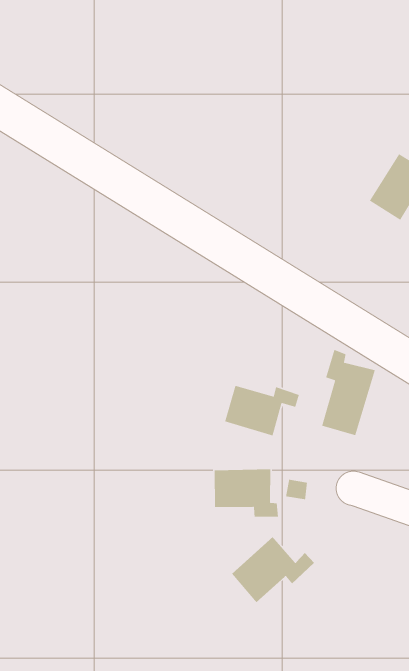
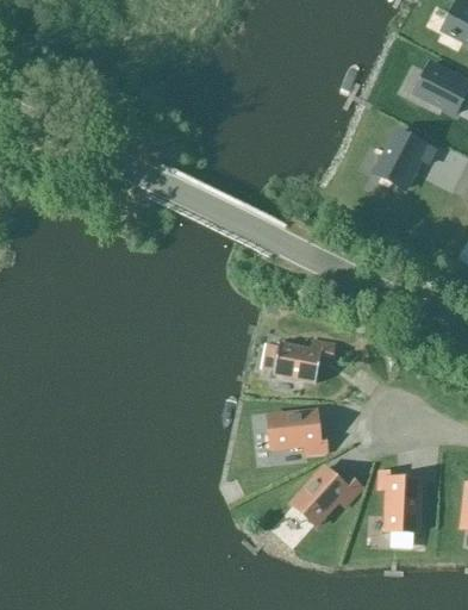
building: [321,349,376,436] -> none
building: none -> [379,471,419,528]

